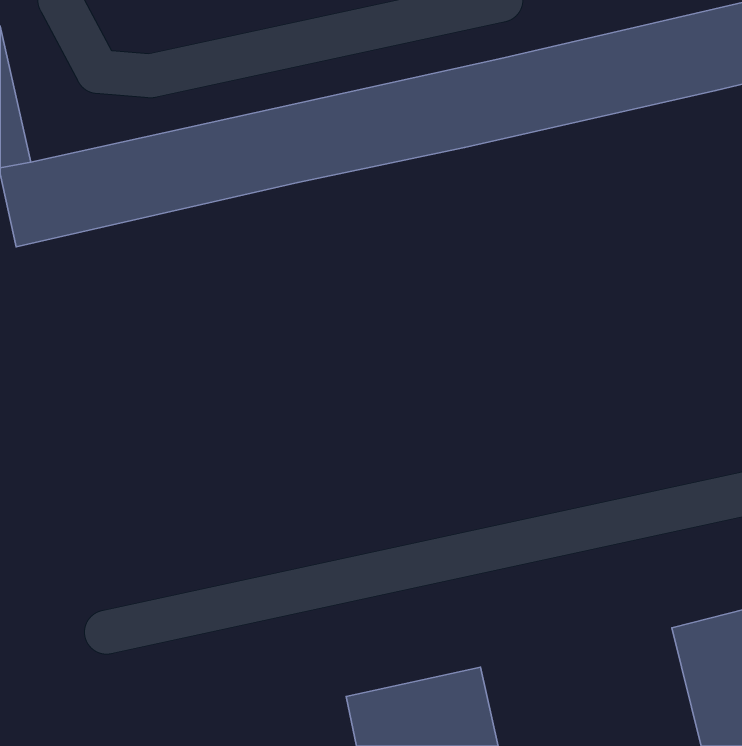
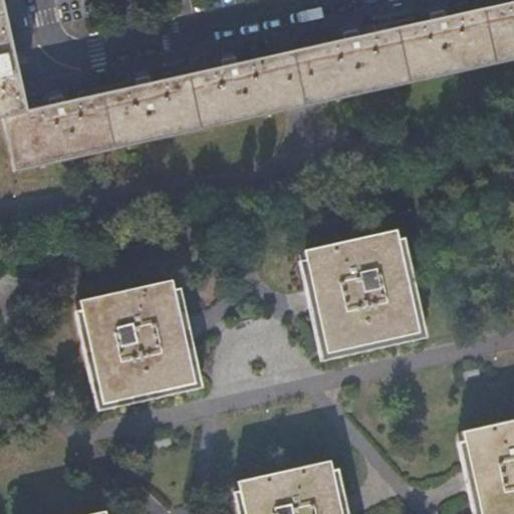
building: none -> [300,229,416,351]
building: none -> [78,277,192,400]

